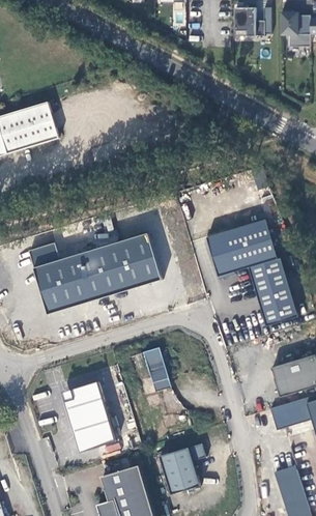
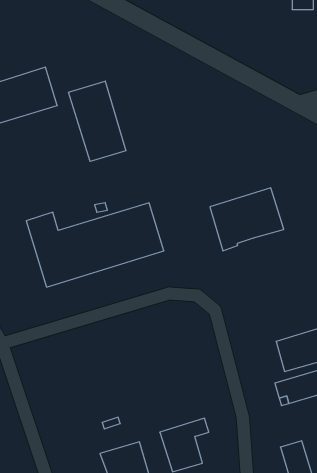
building: none -> [69,81,126,161]
building: [249,258,298,326] -> none
building: [142,346,170,391] -> none
building: [63,380,115,451] -> none

